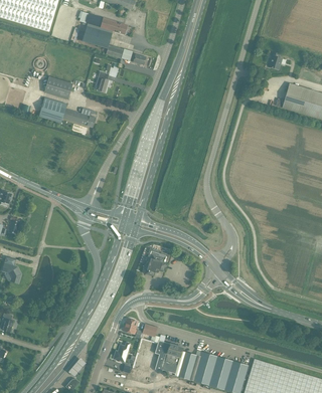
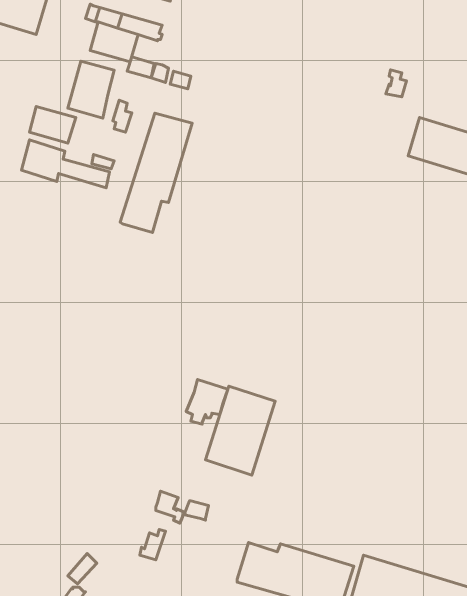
building: none -> [68,61,114,118]
building: none -> [120,113,192,233]
building: none -> [205,386,275,475]
building: [154,340,182,373] -> none

